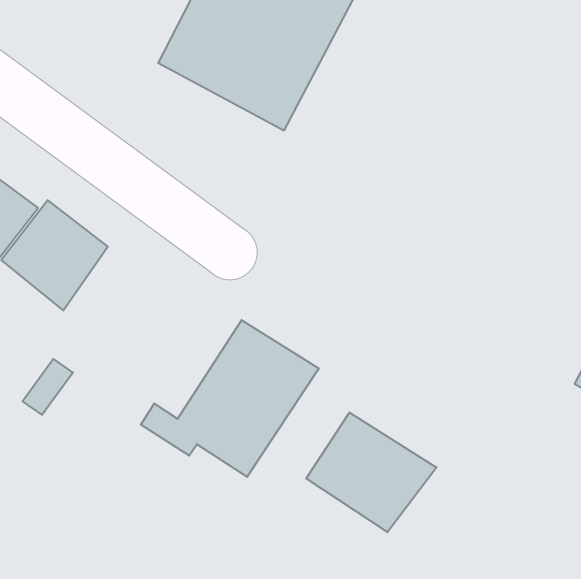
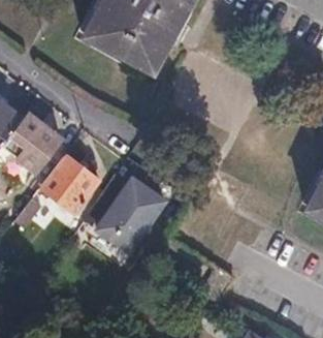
building: none -> [39,153,98,212]
building: [306,412,437,532] -> none

